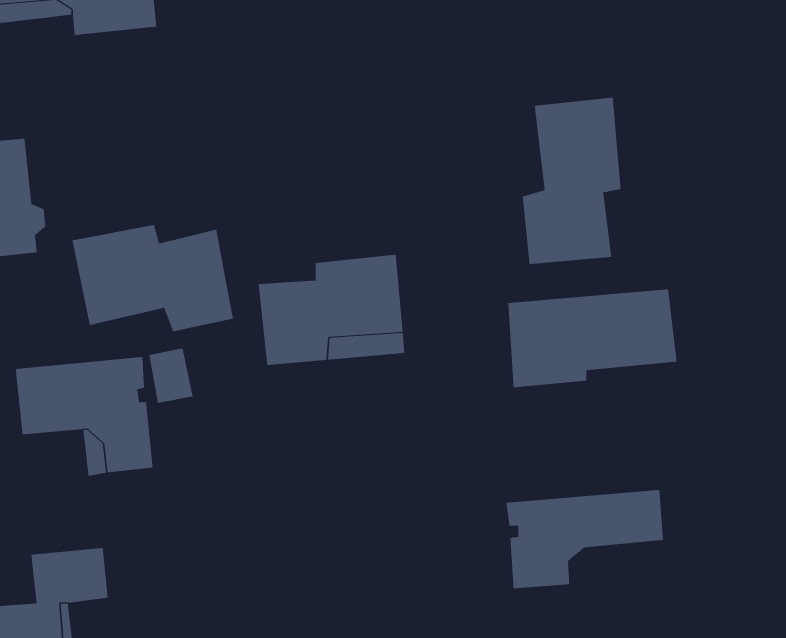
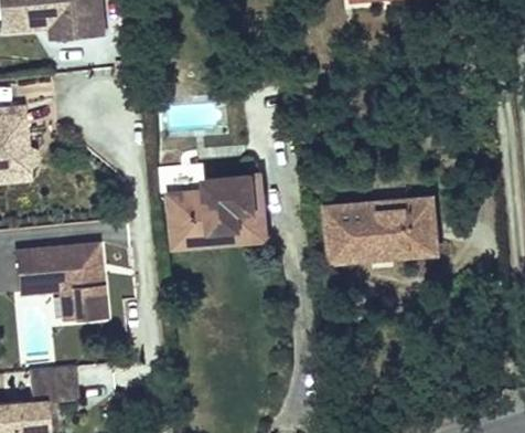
building: [522,97,621,265] -> none
building: [72,224,234,332] -> none
building: [506,489,663,589] -> none

